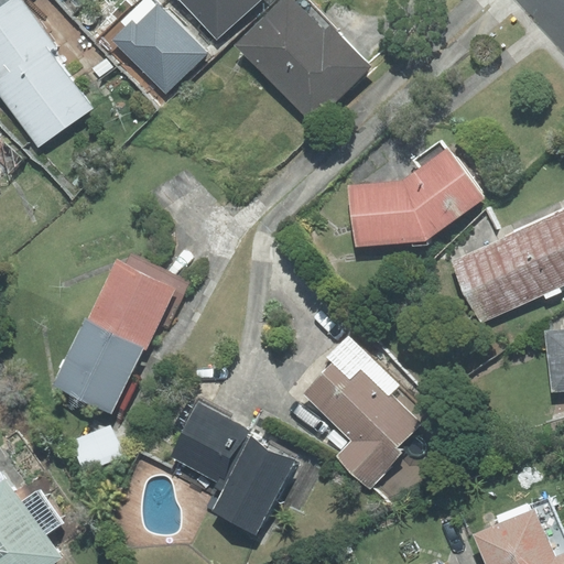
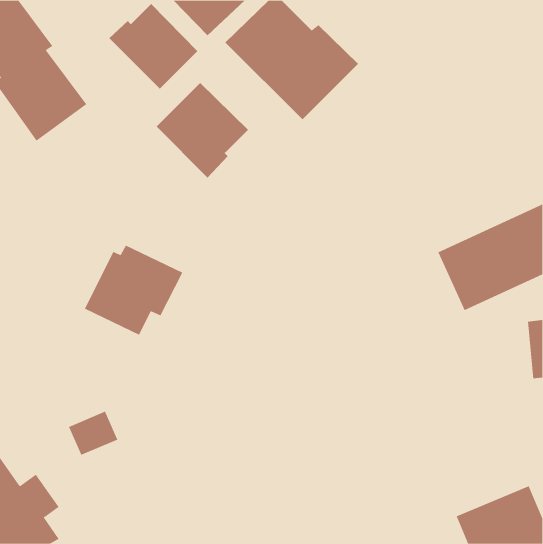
building: none -> [156,82,249,178]
building: [348,141,482,246] -> none
building: [54,319,144,413] -> none
building: [305,339,422,486] -> none
building: [171,406,295,533] -> none

